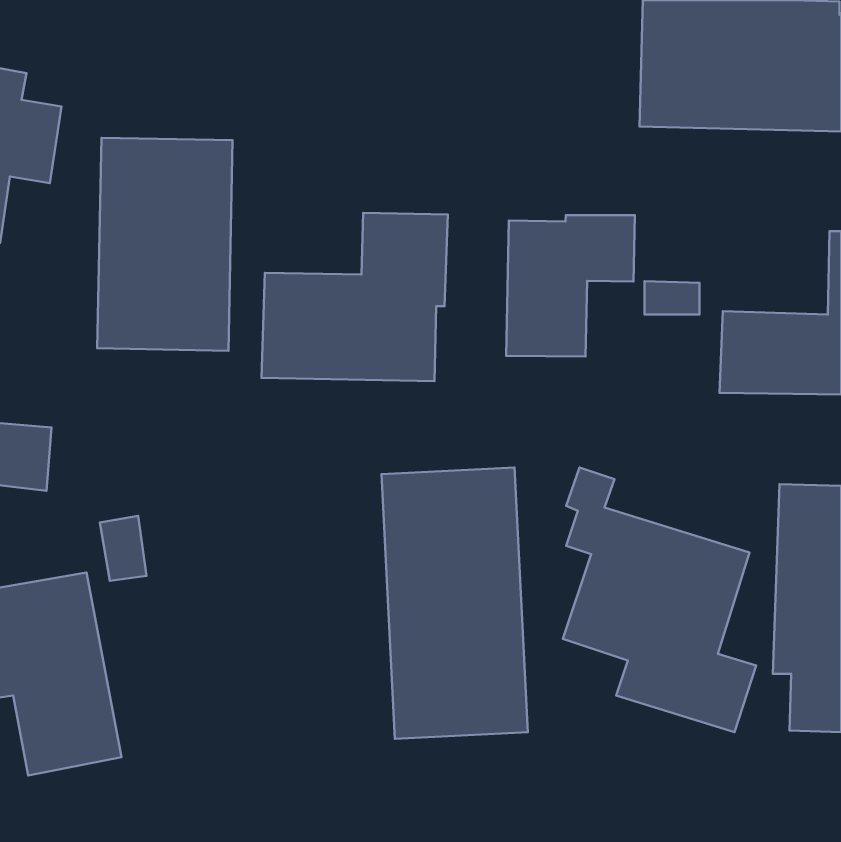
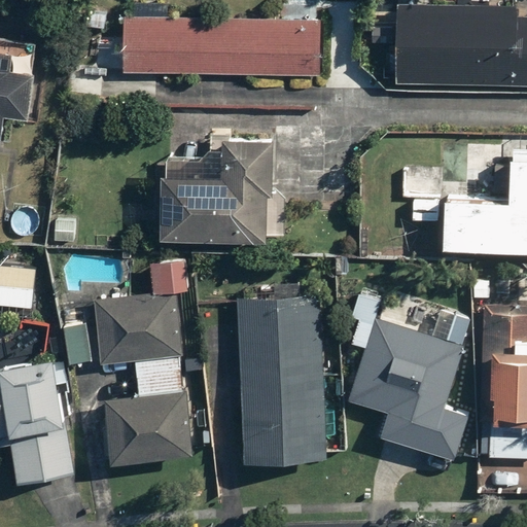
building: none -> [121,16,319,77]
building: [97,138,233,351] -> none
building: [506,215,635,356] -> none
building: none -> [94,261,190,463]

